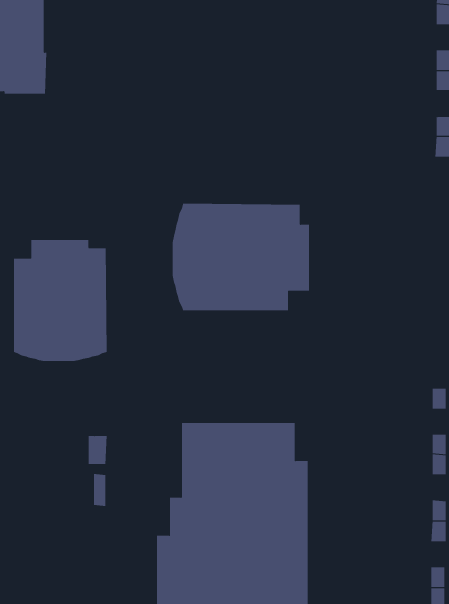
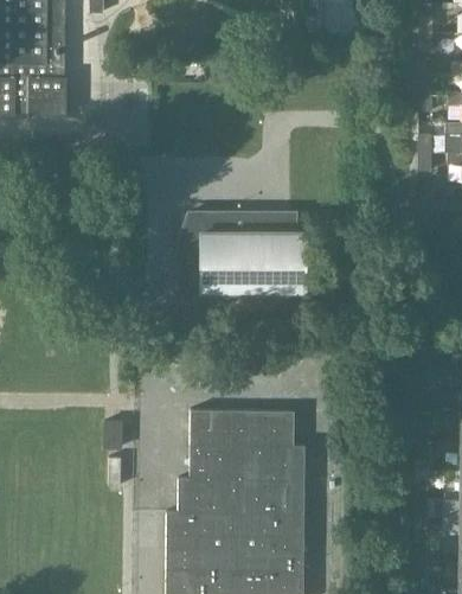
building: [14,239,107,362] -> none

